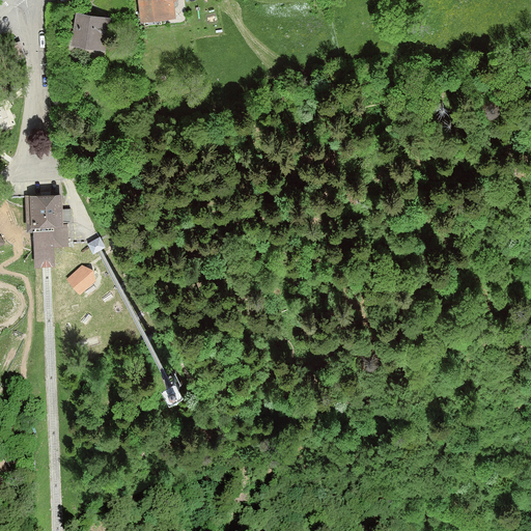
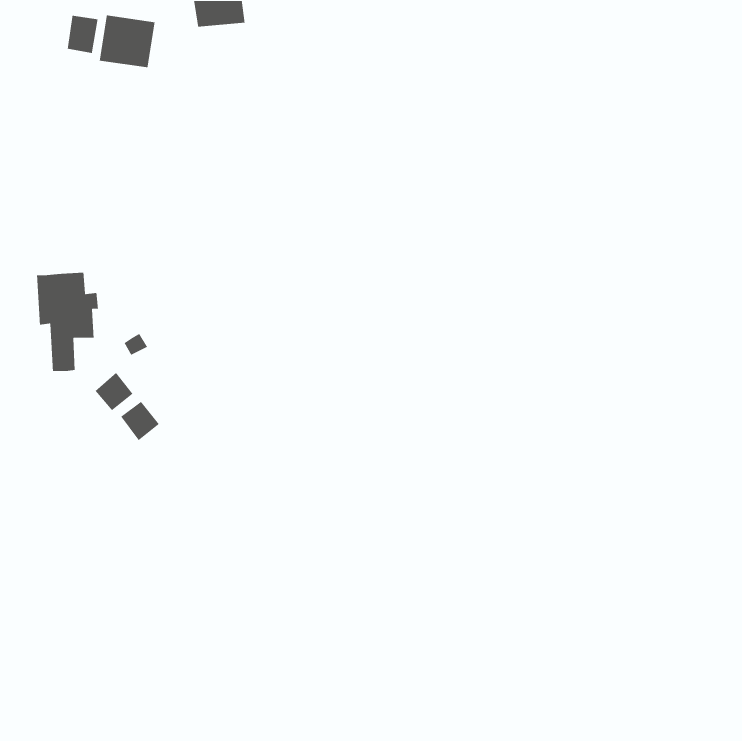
building: none -> [67,15,99,54]
building: none -> [120,401,160,441]

